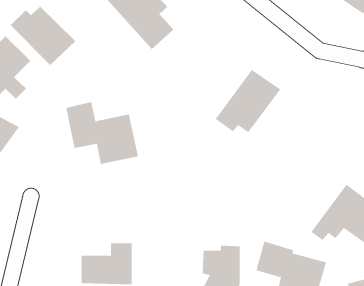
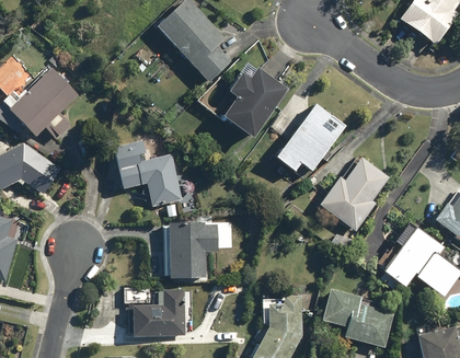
building: [10,6,76,66] -> none
building: none -> [220,62,287,137]
building: none -> [318,157,390,231]
building: none -> [169,221,218,278]

